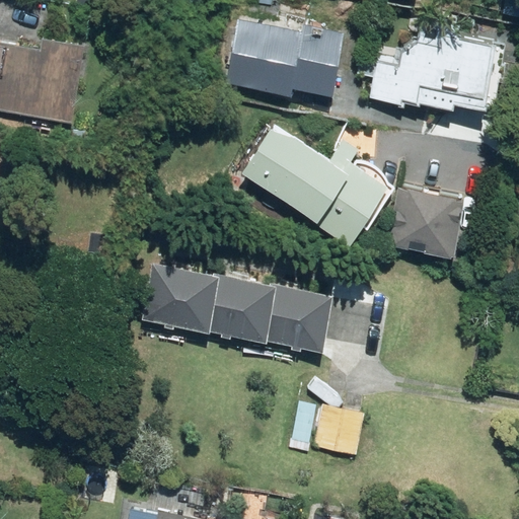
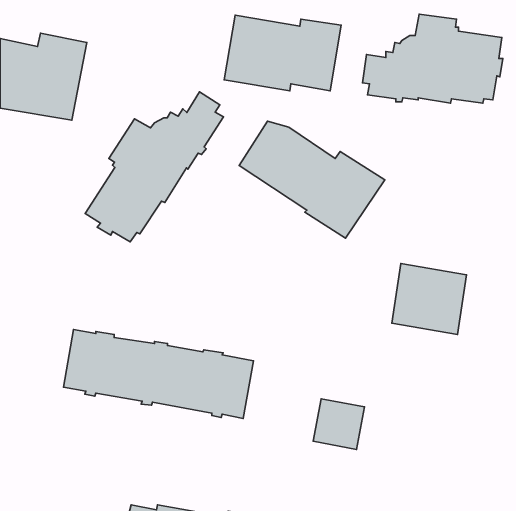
building: none -> [85,92,223,242]
building: [388,187,463,257] -> [392,264,467,334]
building: [142,263,332,352] -> [64,329,253,418]

